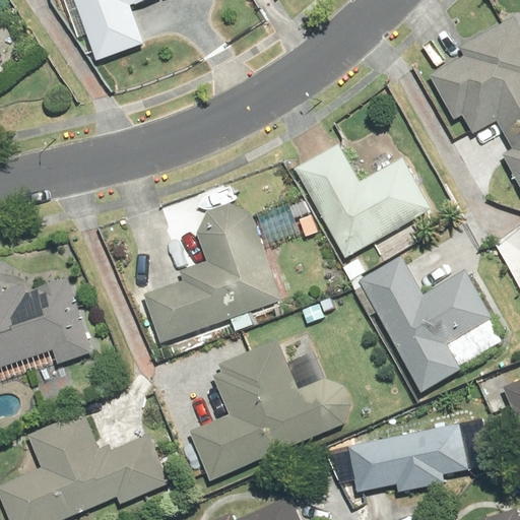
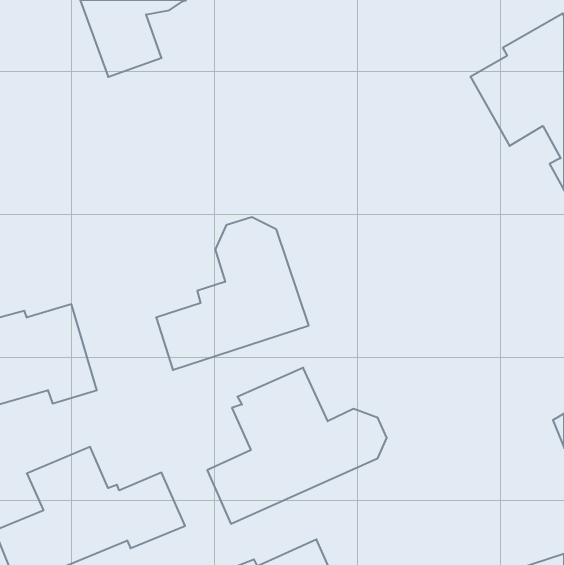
building: [292,144,432,259] -> none
building: [358,254,494,391] -> none
building: [348,426,467,493] -> none

